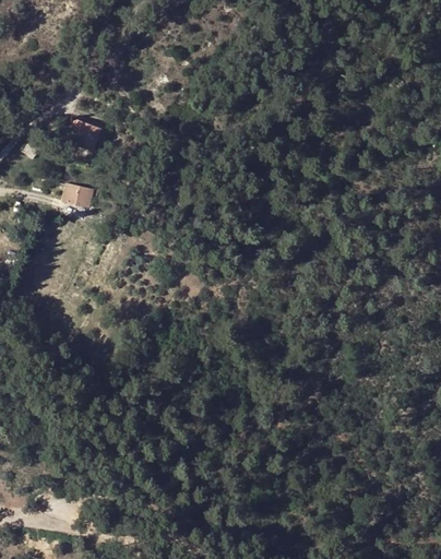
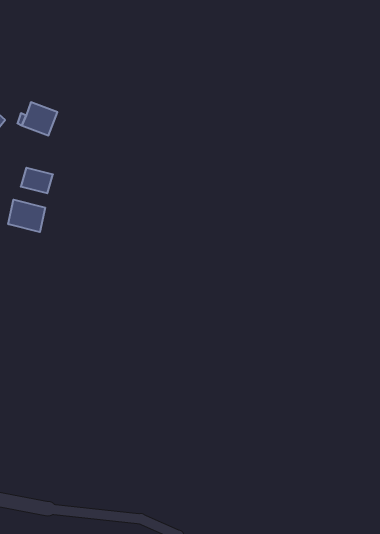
building: none -> [8,200,45,232]

